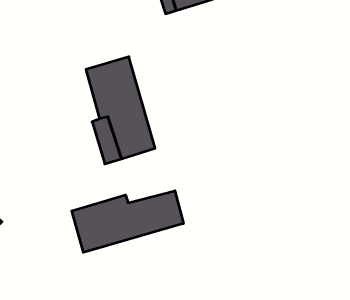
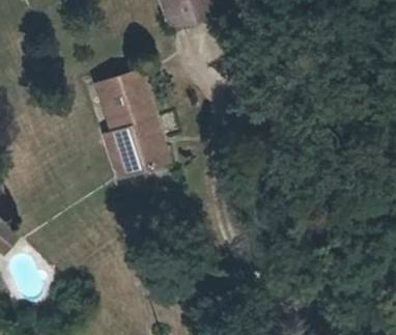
building: [72,191,183,252] -> none

